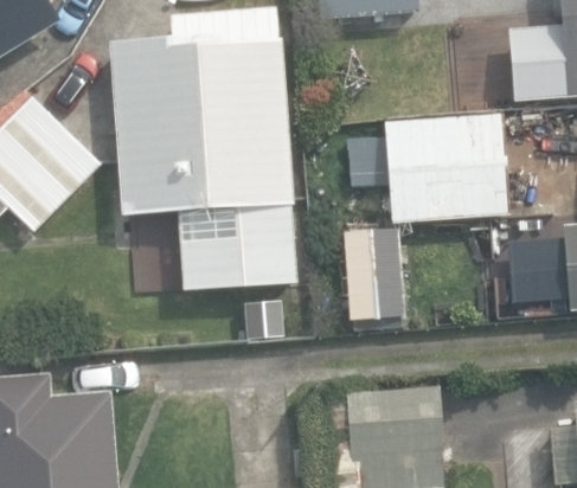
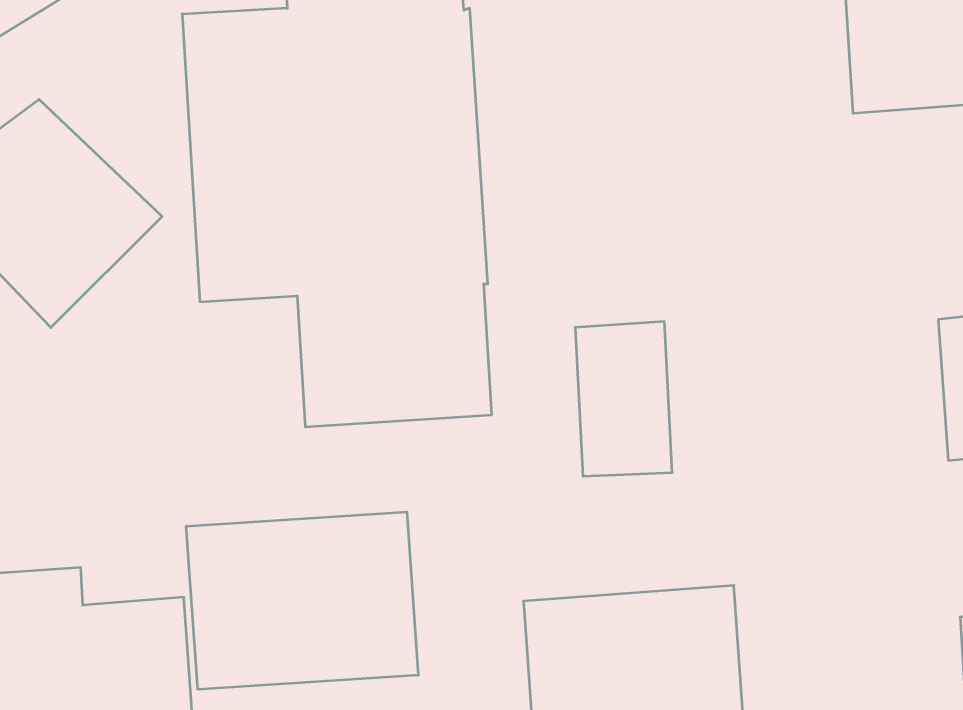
building: [384,110,511,224] -> none
building: none -> [186,512,418,689]

